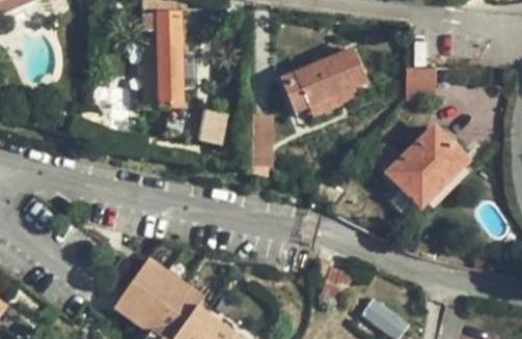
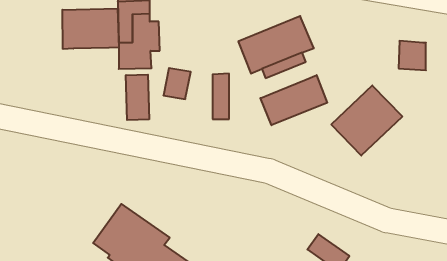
building: none -> [62,9,119,49]
building: [406,66,437,100] -> [399,41,426,70]
building: none -> [126,75,149,120]
building: none -> [260,75,327,125]

